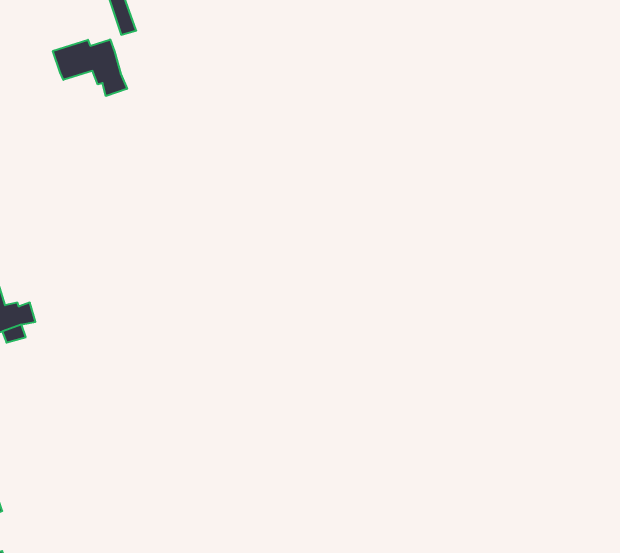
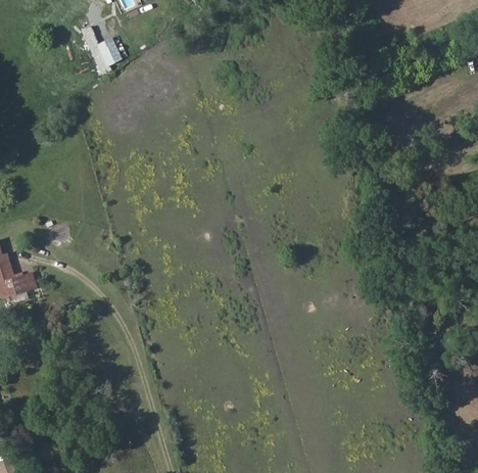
building: [53,39,127,96] -> none

